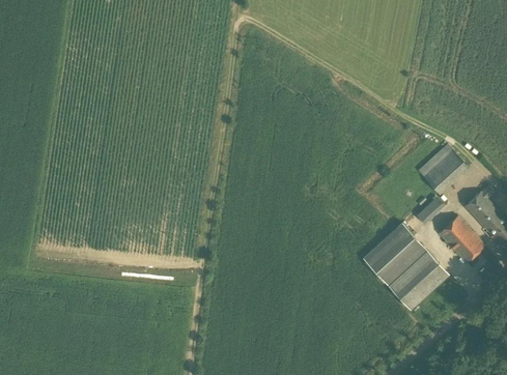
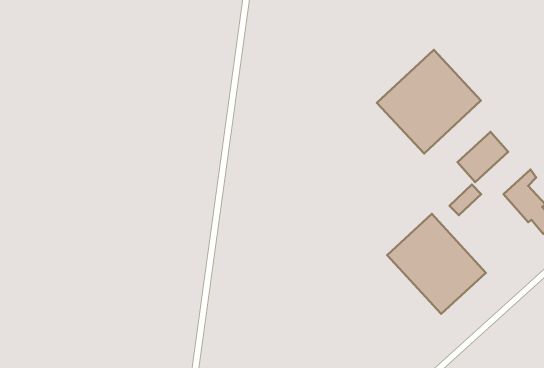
building: none -> [377,50,481,153]
building: [438,215,484,262] -> none

